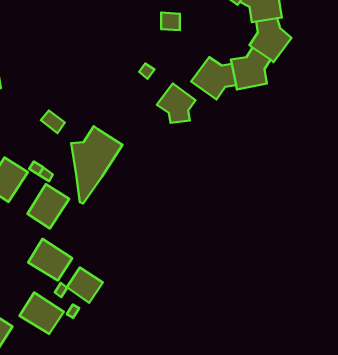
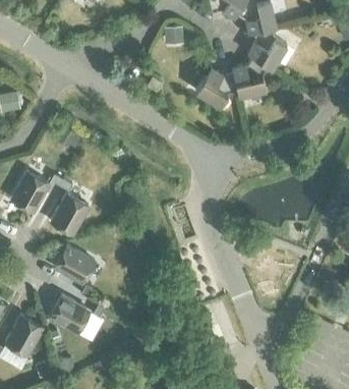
building: [157,83,195,123] -> none
building: [71,126,122,204] -> none
building: [67,267,103,303] -> none

